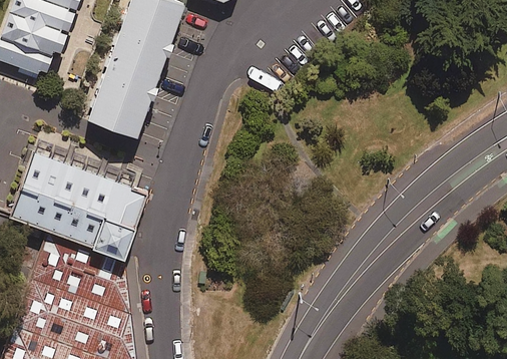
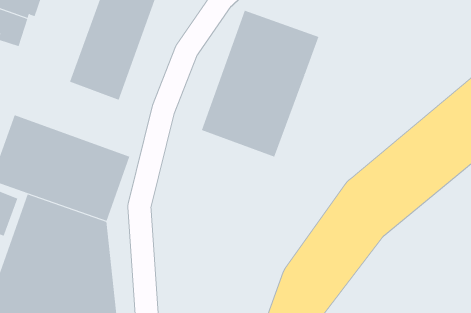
building: none -> [201,10,319,157]

